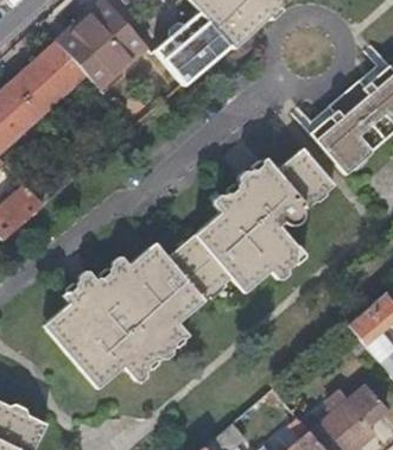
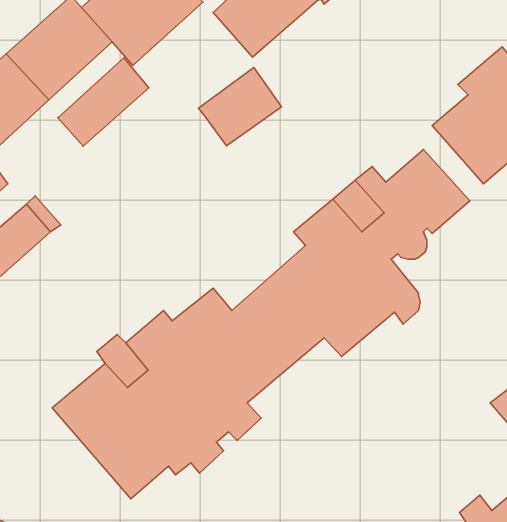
building: none -> [58,58,149,146]
building: none -> [199,68,281,146]

